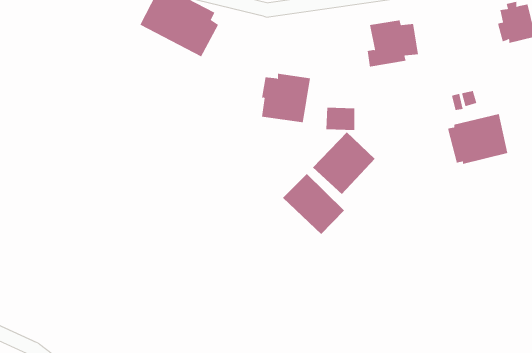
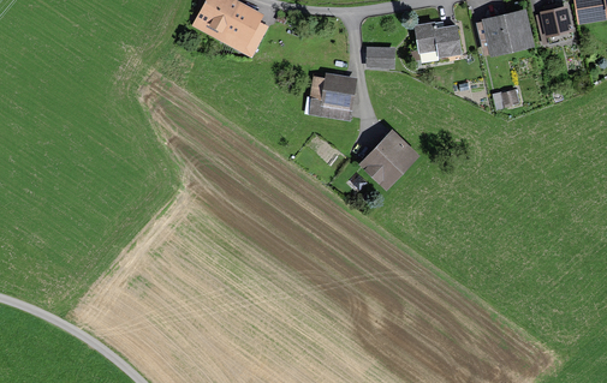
building: [325,107,355,131] -> [365,46,394,68]
building: [447,113,508,164] -> [476,7,535,56]
building: [282,173,345,235] -> none

